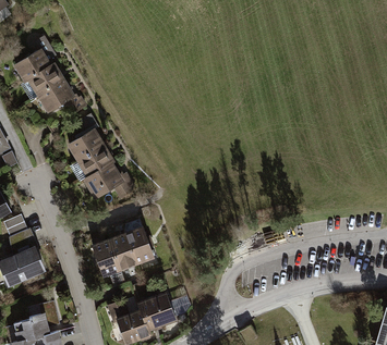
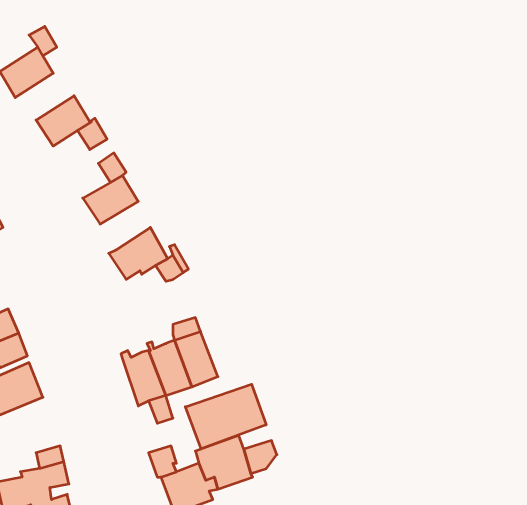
building: [28,65,62,96] -> none
building: [78,147,112,177] -> none
building: none -> [185,384,266,449]

